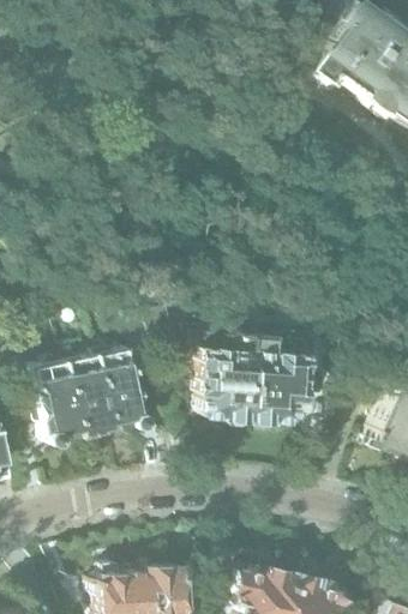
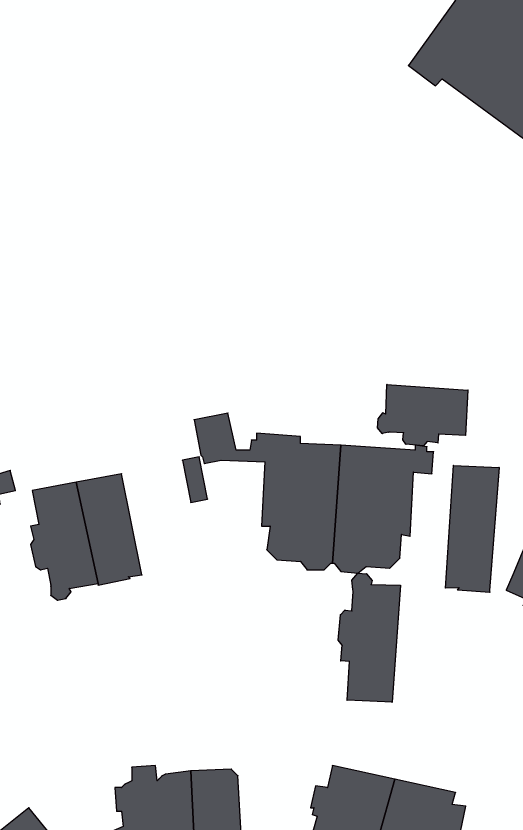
building: none -> [378,384,468,446]
building: [102,351,151,433] -> none
building: none -> [446,465,499,592]
building: none -> [338,573,400,702]

